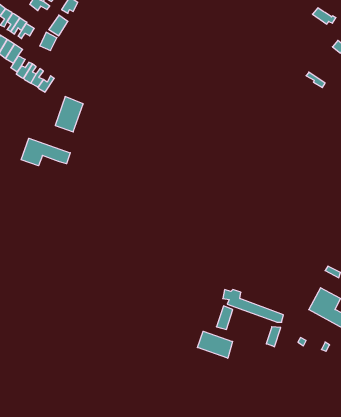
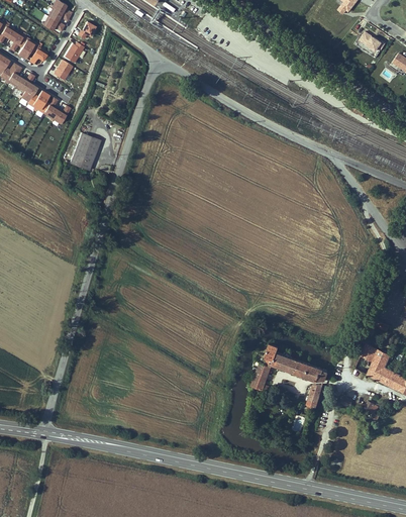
building: [21,138,70,166] -> none
building: [197,331,233,358] -> none

